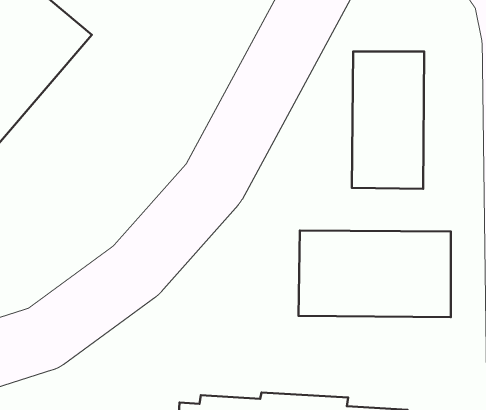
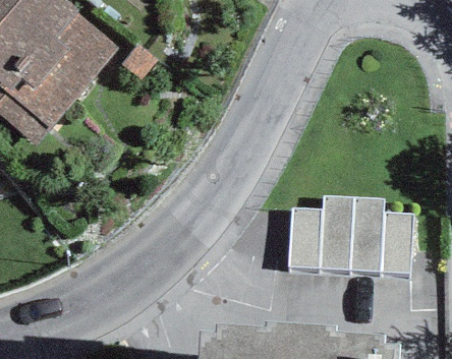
building: [352,51,424,189] -> none

